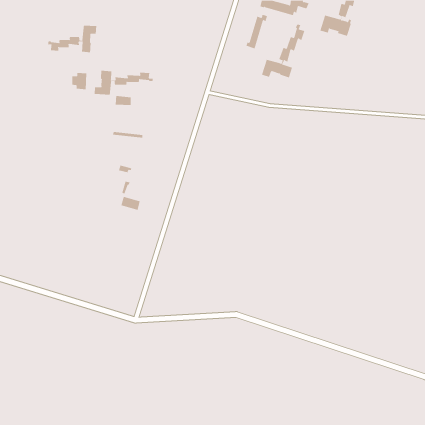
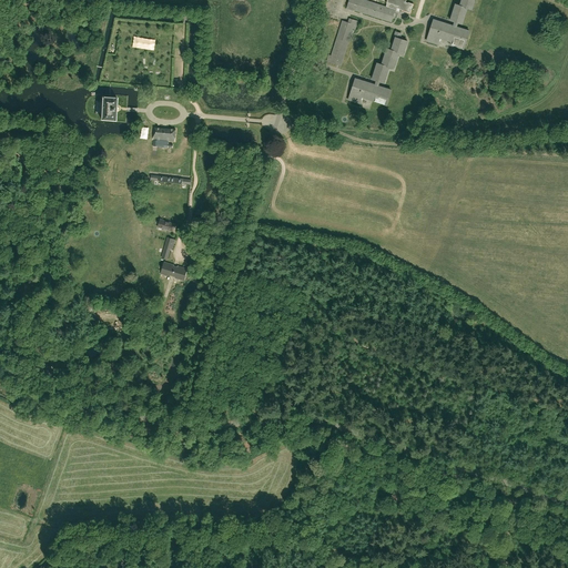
building: [47,25,97,53] -> none
building: [94,70,154,95] -> none

